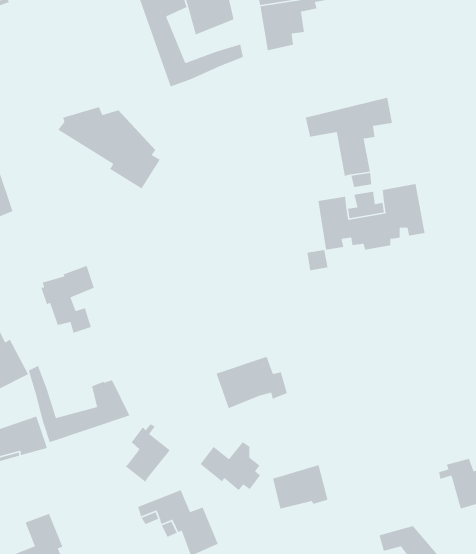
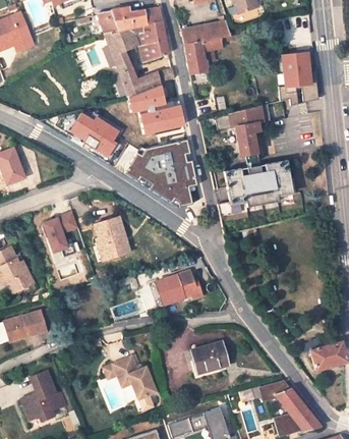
building: none -> [278,53,318,104]
building: none -> [126,84,183,133]
building: none -> [122,140,195,207]
building: none -> [95,217,129,257]
building: [28,365,131,443] -> none
building: [125,423,171,483] -> none
building: [200,441,261,491] -> none

